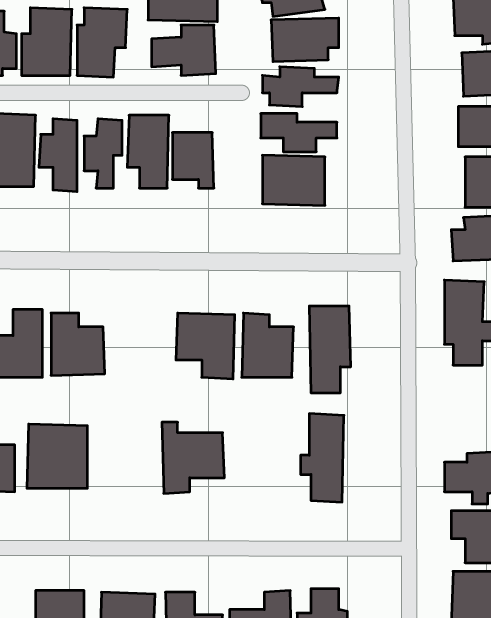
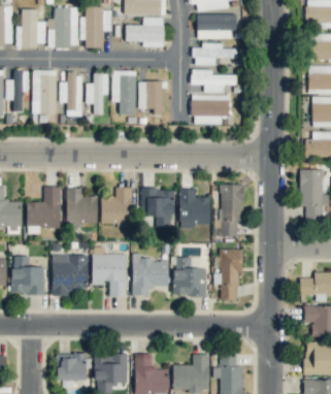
building: none -> [101,187,132,228]
building: none -> [92,254,127,297]
building: none -> [172,257,206,296]

